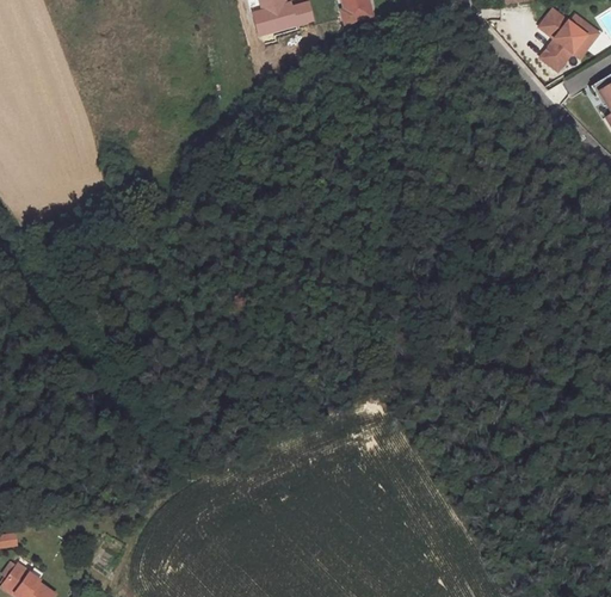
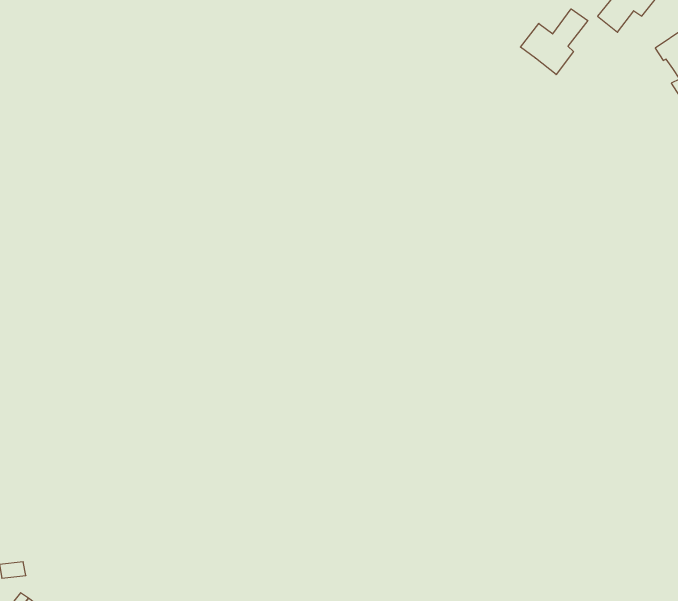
building: none -> [520,9,588,75]

